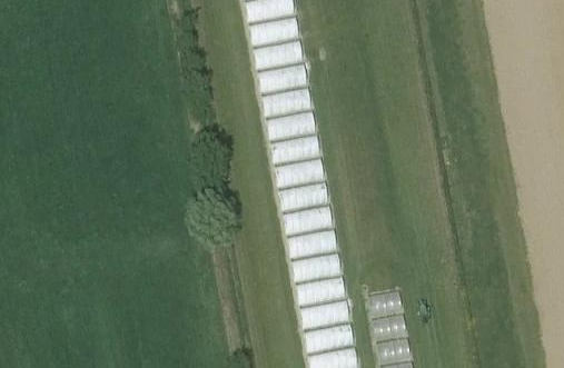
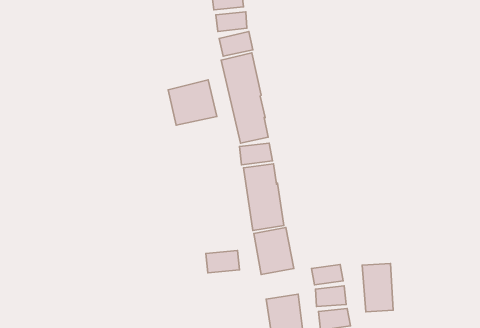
building: none -> [168,80,217,125]
building: none -> [362,263,393,312]
building: [310,301,347,326] -> [206,250,240,273]

